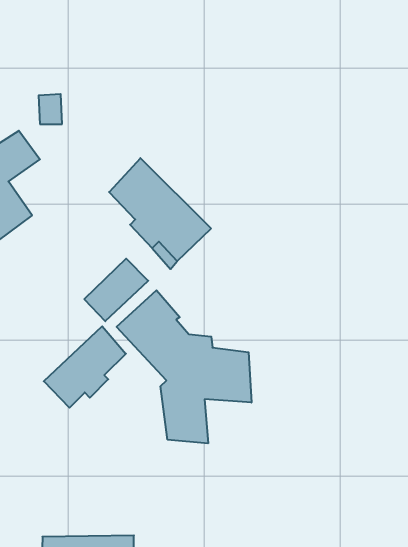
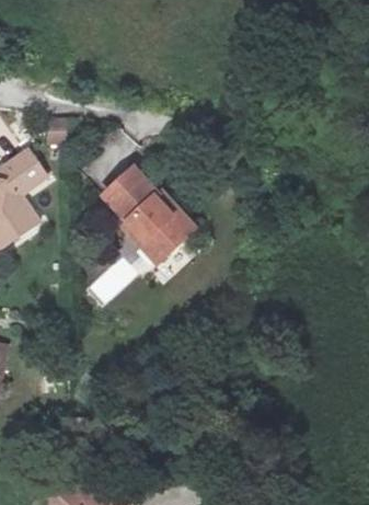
building: [117,290,251,443] -> none
building: [44,326,126,408] -> none

